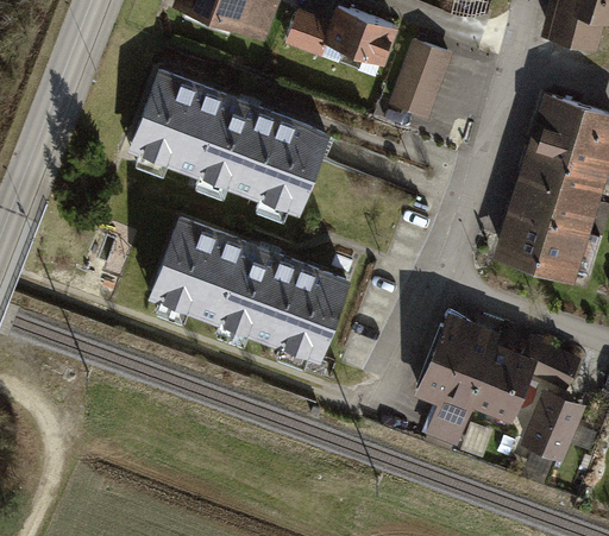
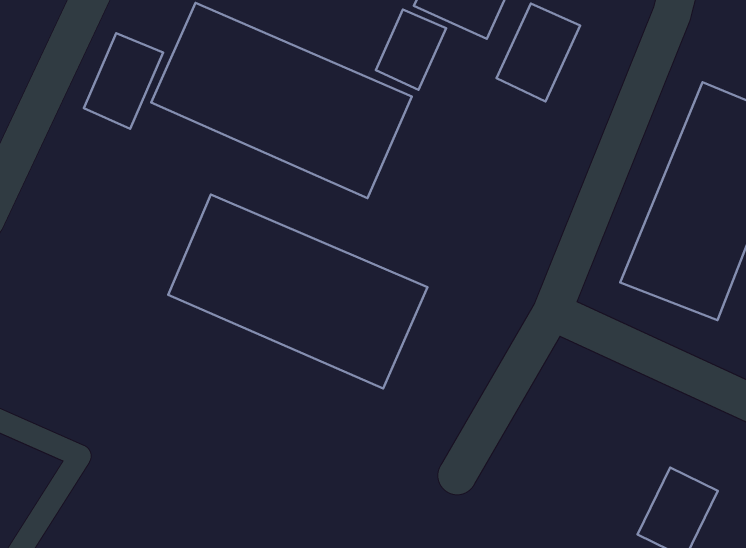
building: none -> [376,9,446,90]
building: none -> [84,33,163,129]
building: [416,311,580,434] -> none

